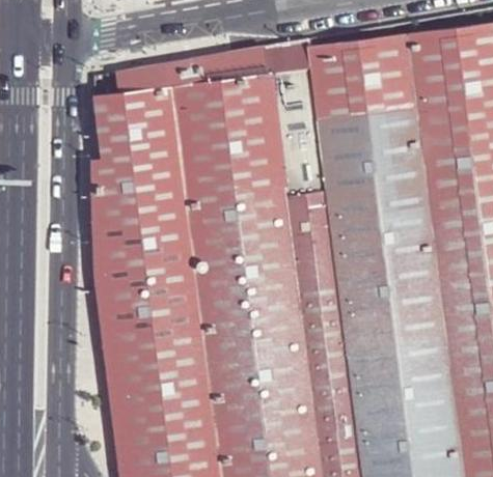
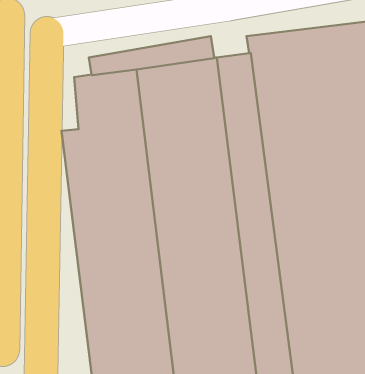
building: [266,38,312,72] -> none

